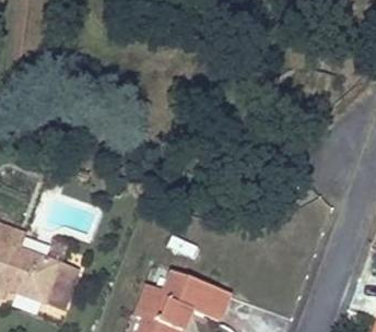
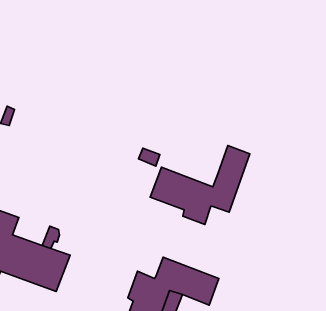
building: none -> [150,145,250,225]

